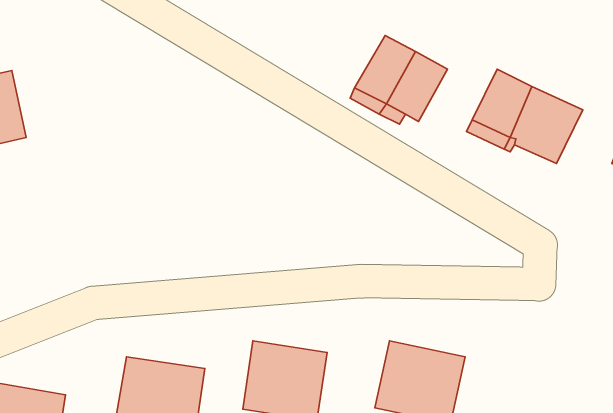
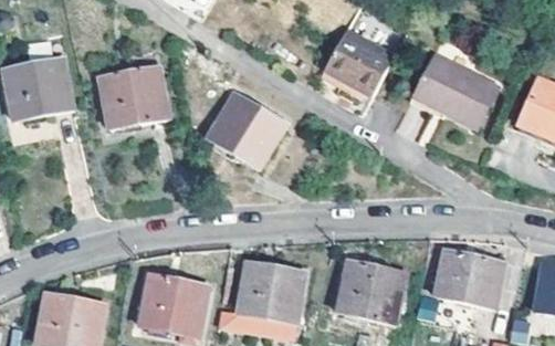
building: none -> [97,64,169,129]
building: none -> [208,92,285,168]
building: none -> [436,250,503,307]

